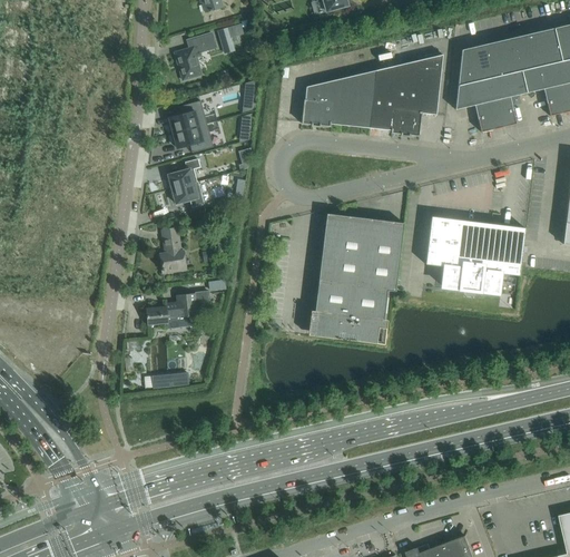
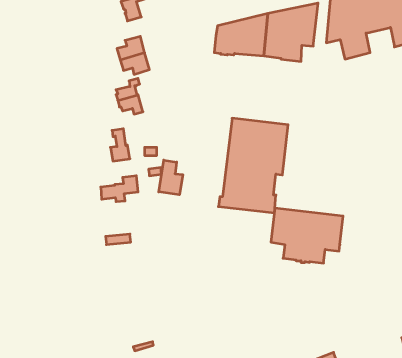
building: [425,216,524,292] -> [271,208,343,263]
building: none -> [159,160,183,195]

